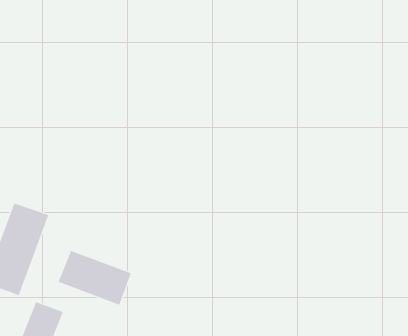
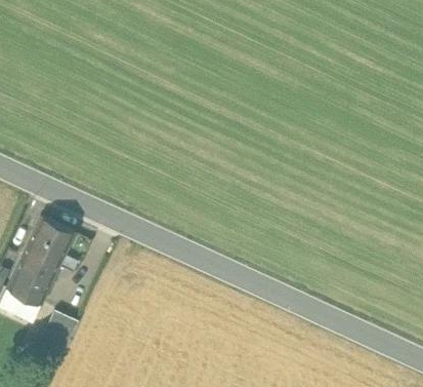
building: [58,250,132,305] -> none

